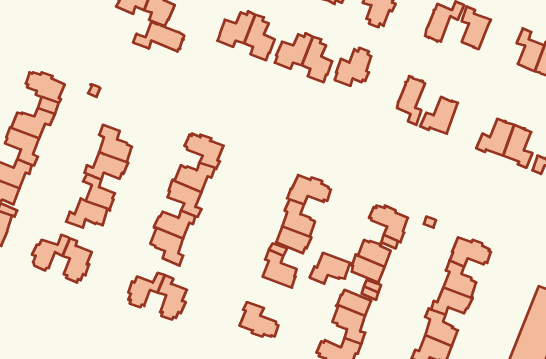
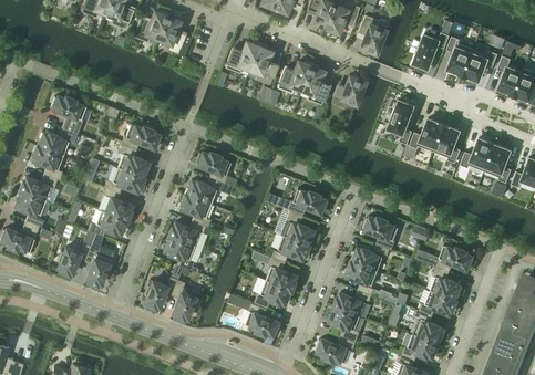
building: none -> [463,49,498,81]
building: [133,22,184,52] -> none
building: none -> [122,124,162,149]
building: none -> [434,124,461,163]
building: [310,253,352,284] -> [255,281,294,309]

